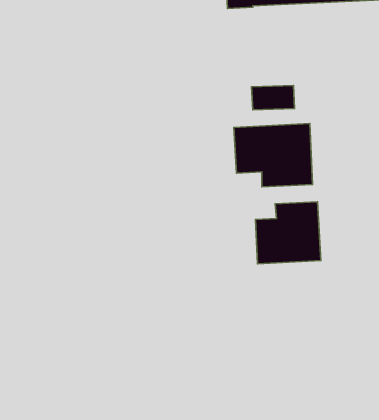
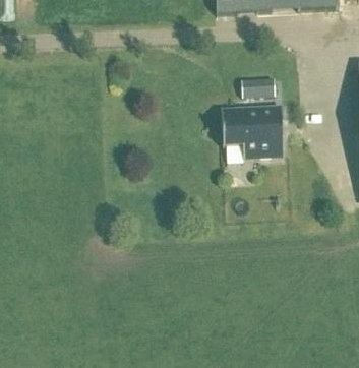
building: [255,202,321,264] -> none

